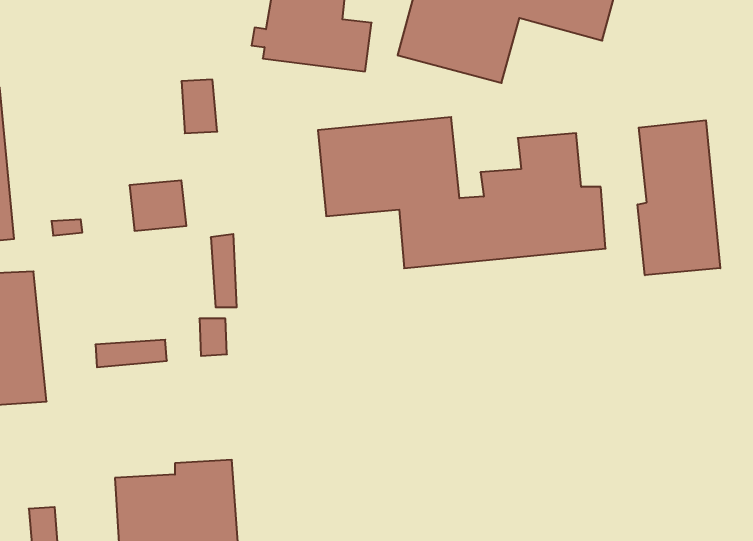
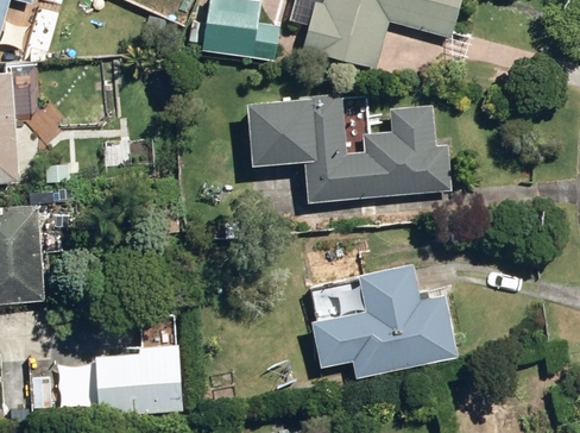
building: [638,120,720,275] -> none
building: none -> [309,264,458,379]

